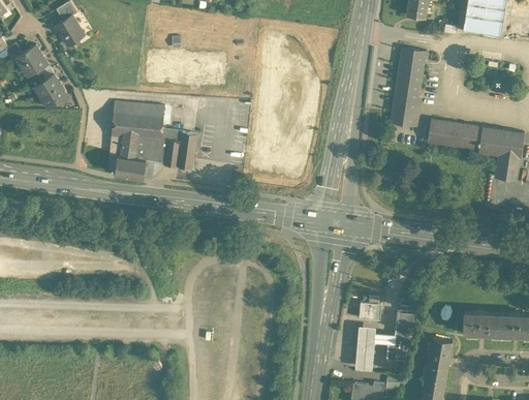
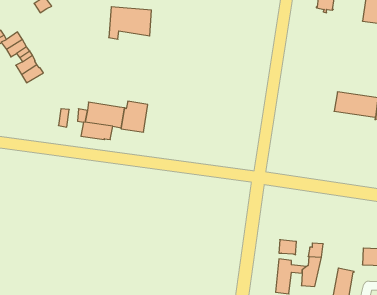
building: [56,17,85,47] -> none
building: [391,49,427,128] -> none
building: [112,102,164,143] -> [109,7,151,39]

